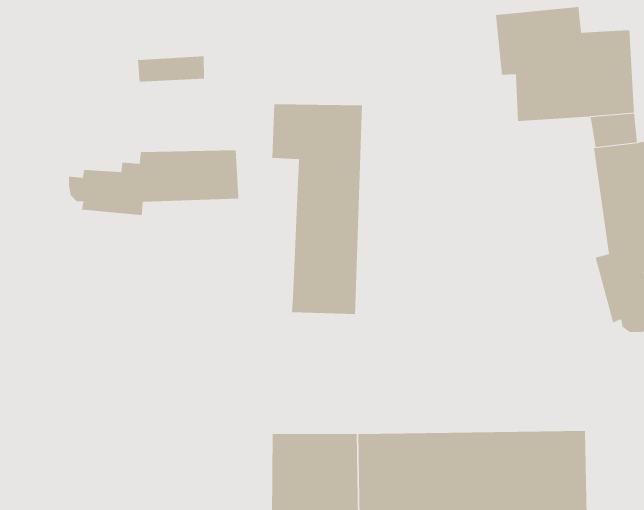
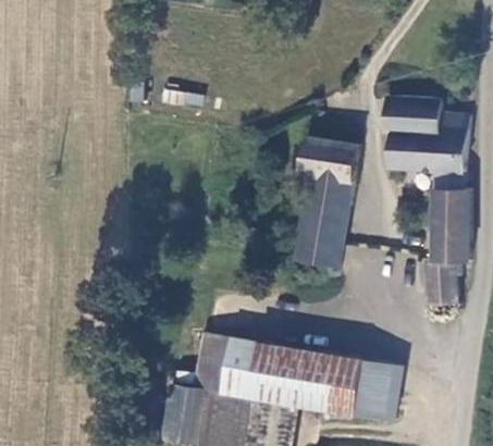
building: [272,104,363,314] -> [294,136,359,275]
building: [68,150,239,216] -> none

